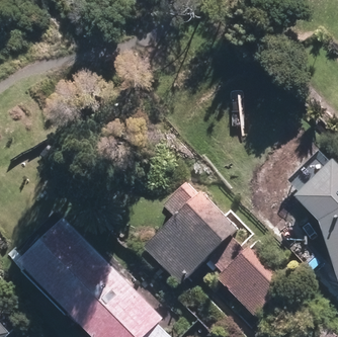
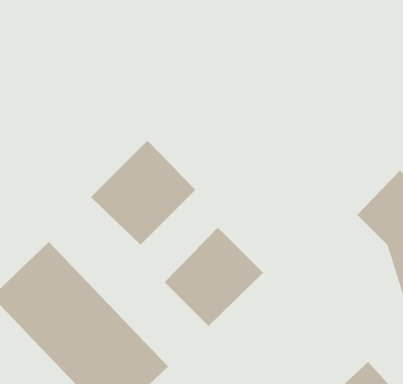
building: none -> [90,140,196,246]
building: [219,249,286,317] -> none

